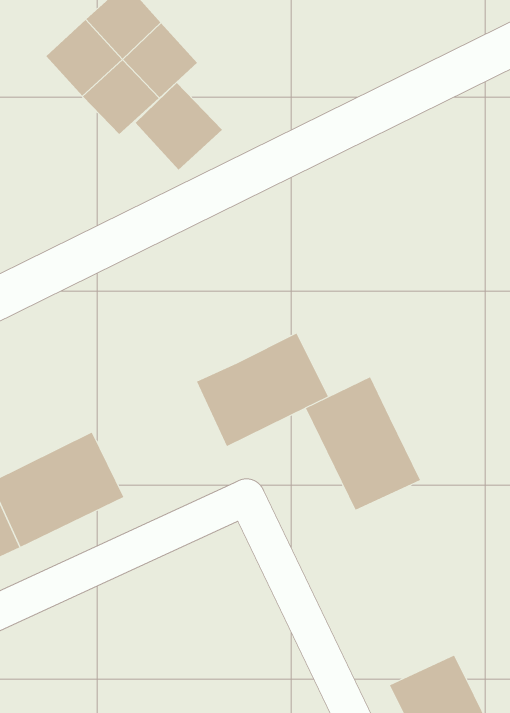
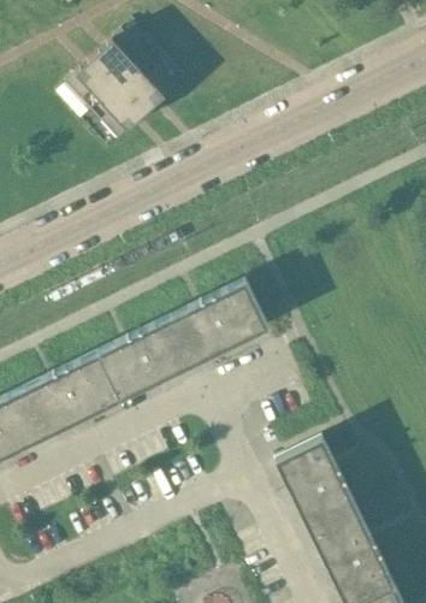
building: [135,82,223,170] -> none
building: [305,376,421,511] -> [276,438,359,534]
building: none -> [99,317,195,400]

